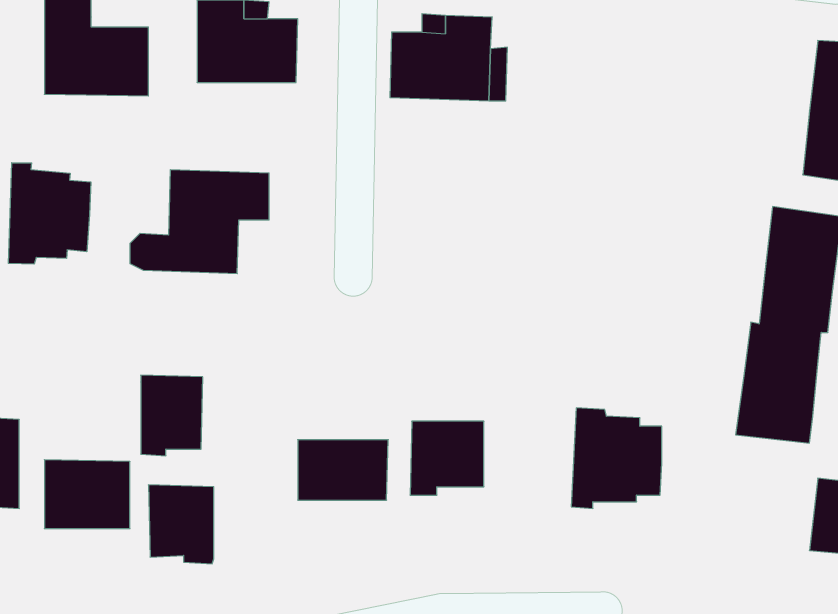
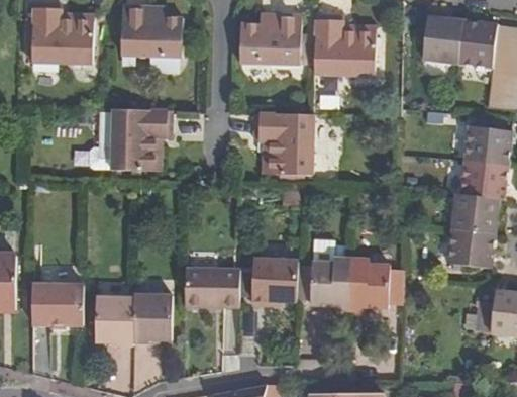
building: none -> [315,12,378,71]
building: none -> [421,20,497,71]
building: [8,163,91,264] -> none
building: none -> [254,110,314,171]
building: [141,375,203,456] -> [133,293,171,341]
building: none -> [296,250,351,309]

